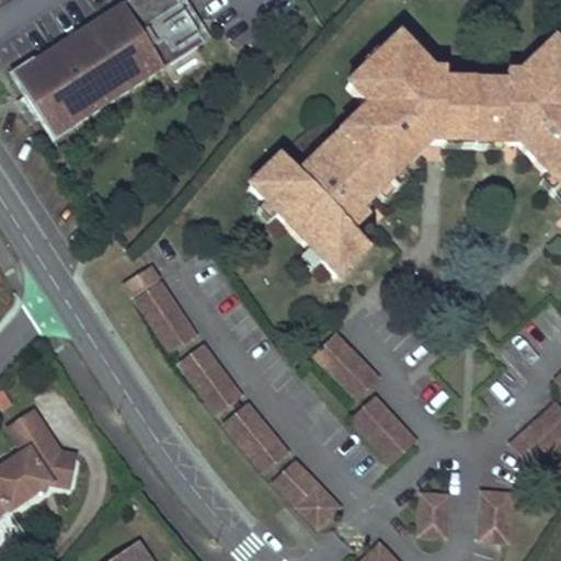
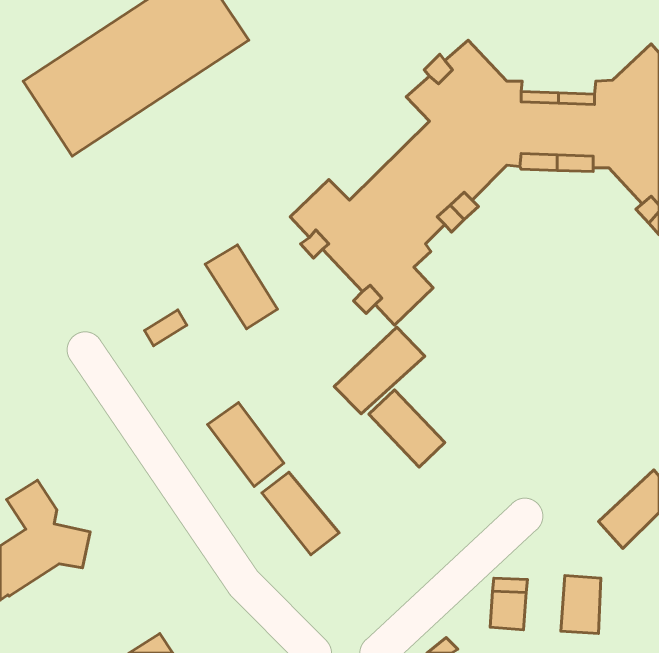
building: none -> [334,327,425,414]
building: [134,279,195,351] -> [205,245,277,329]
building: [351,393,415,458] -> none
building: [272,458,340,526] -> none

